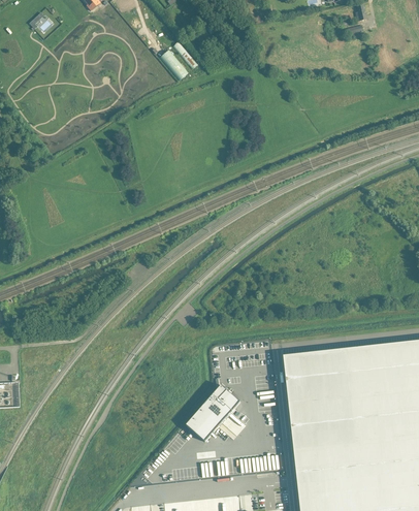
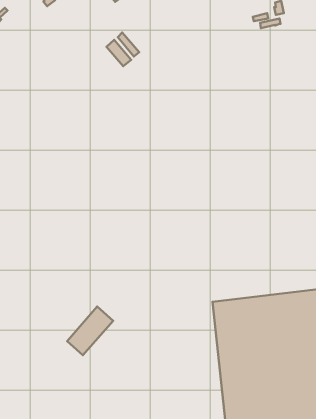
building: [187,385,240,442] -> [67,307,113,355]

